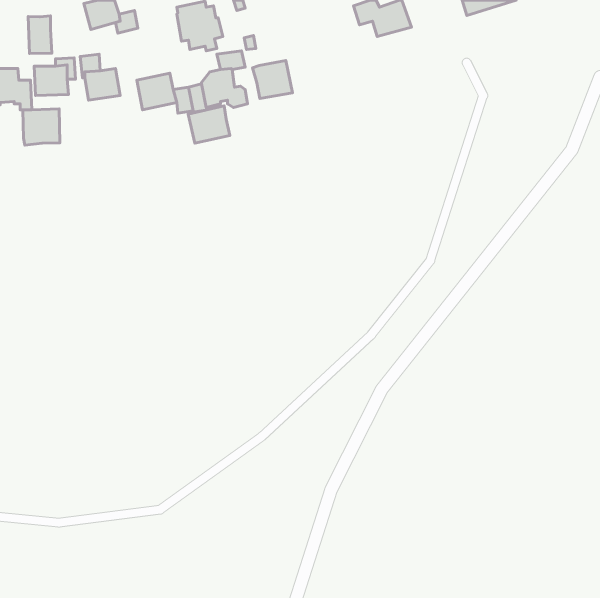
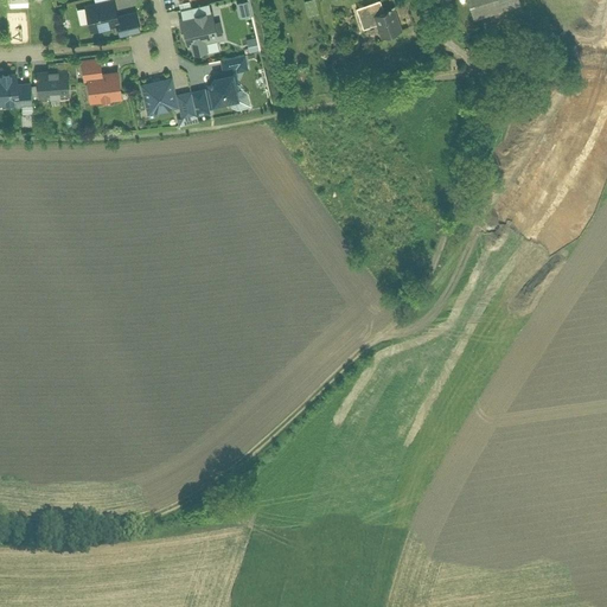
building: [28,16,52,54] -> none
building: [252,60,292,99] -> none
building: [188,106,230,143] -> none
building: [23,109,60,145] -> none

